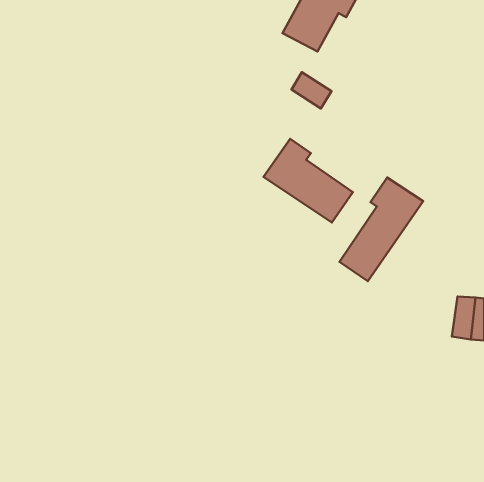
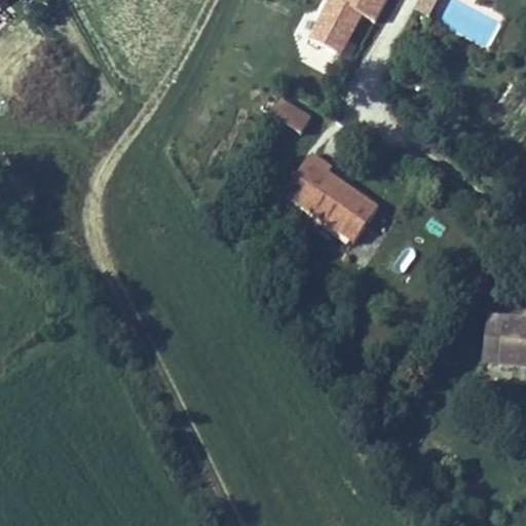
building: [291,72,331,108] -> [267,91,310,130]
building: [339,178,423,281] -> none

